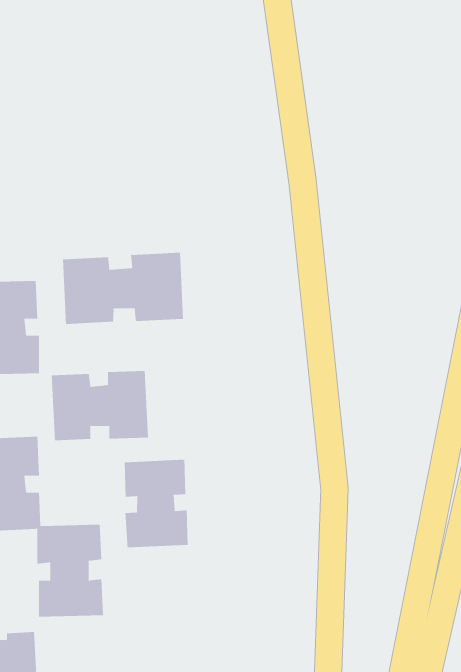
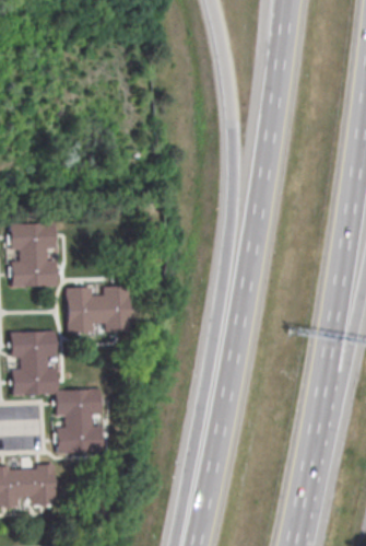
building: [62,252,184,325] -> none
building: [124,459,188,548] -> none

